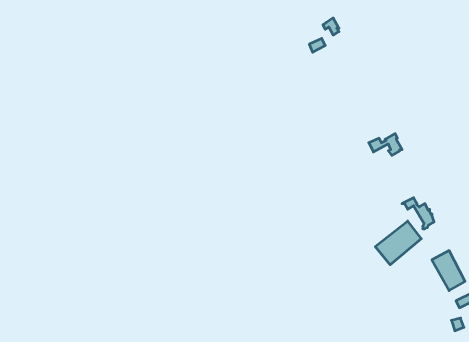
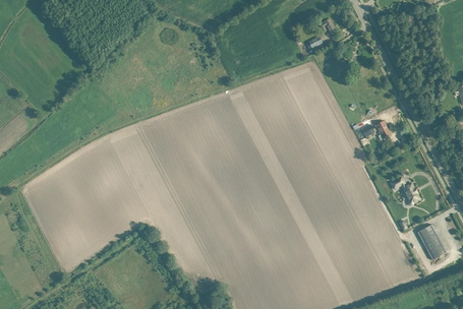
building: [375,221,421,265] -> none

